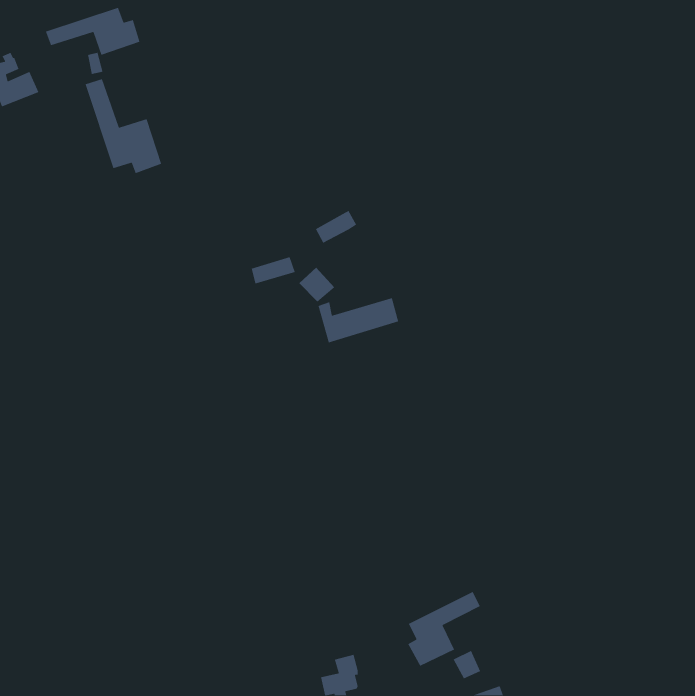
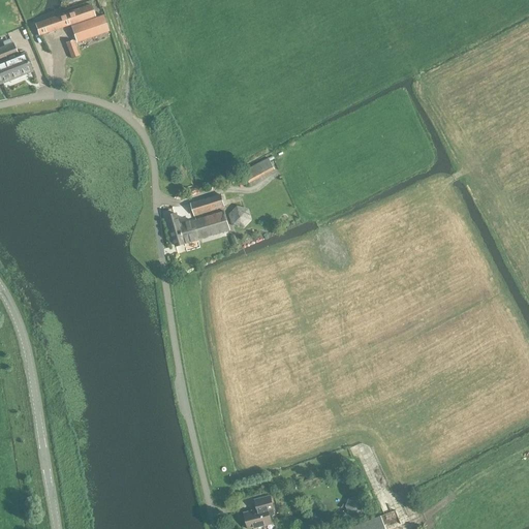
building: [85,78,162,174] -> none
building: [317,297,399,344] -> [166,211,228,246]
building: [407,591,481,667] -> none

